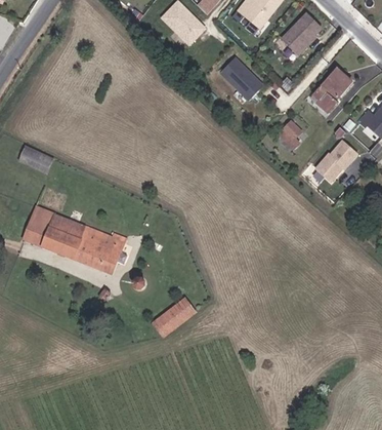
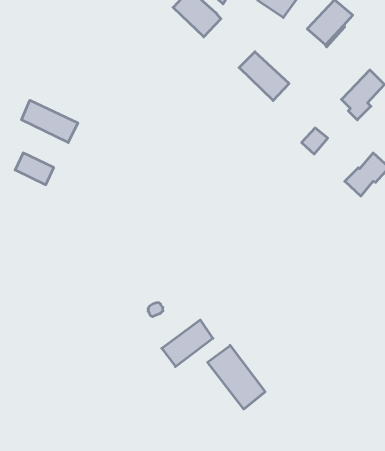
building: none -> [22,100,78,143]
building: [28,208,127,273] -> none
building: none -> [208,345,265,409]

